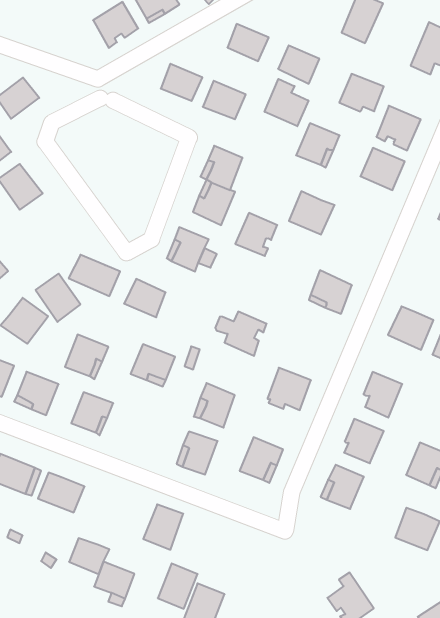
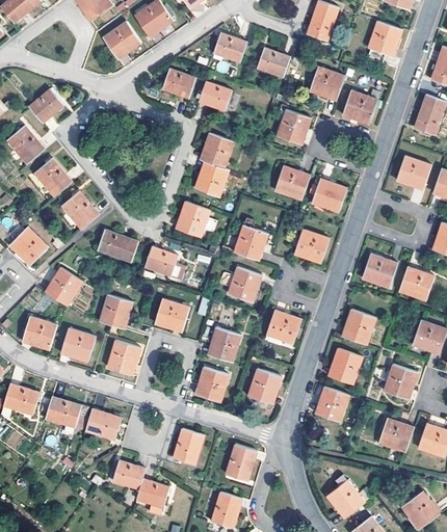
building: [265,79,308,126] -> none
building: [360,148,405,190] -> [312,179,347,212]
building: [235,213,277,256] -> [234,225,267,260]
building: [36,274,80,322] -> [61,191,99,231]
building: [158,563,198,609] -> [227,445,258,481]

